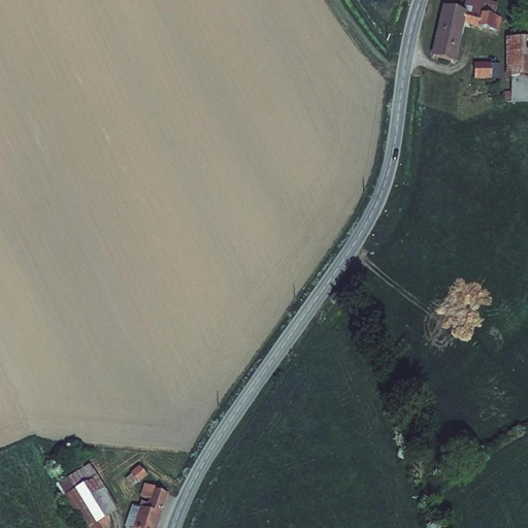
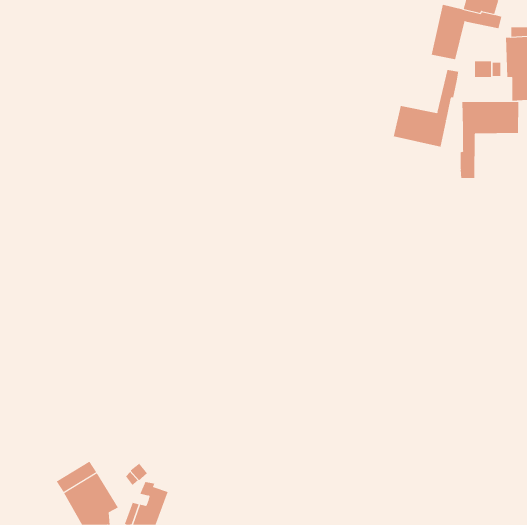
building: none -> [393,69,459,148]
building: none -> [460,101,519,179]

